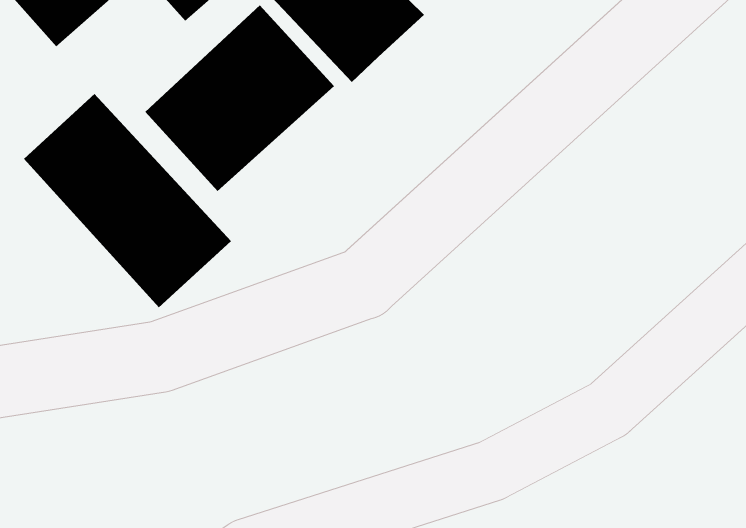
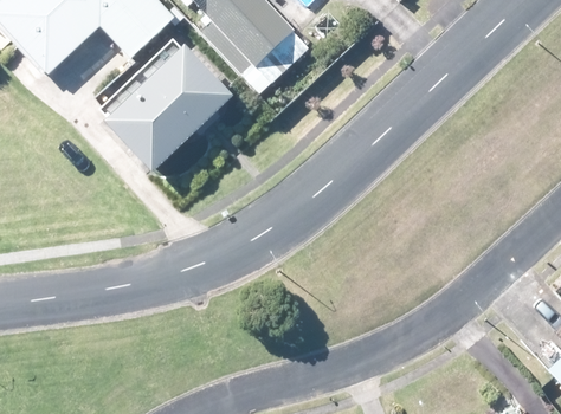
building: [23,93,232,308] -> none

